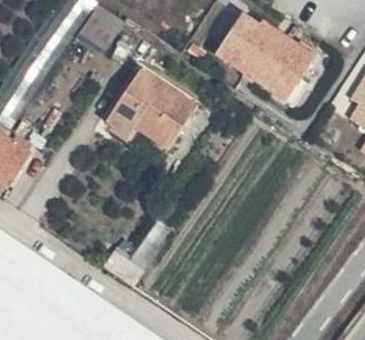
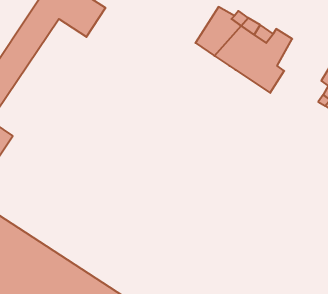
building: [103,73,194,152] -> none

